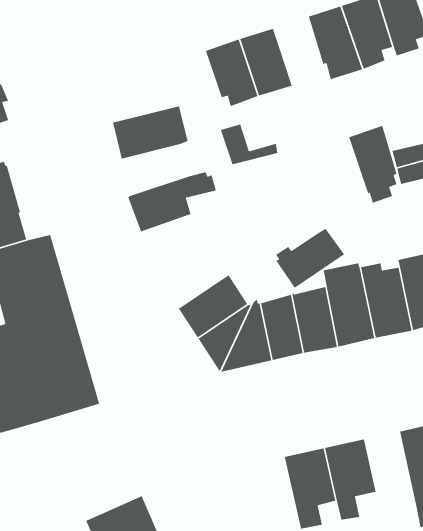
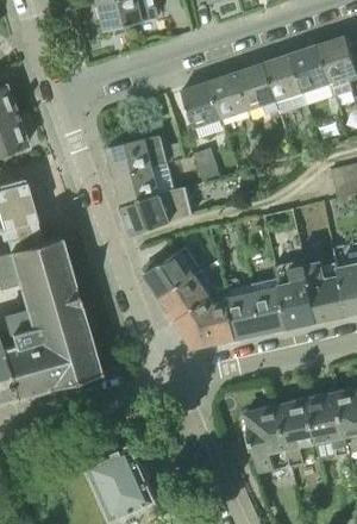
building: [348,125,398,204] -> [237,63,276,126]
building: none -> [115,166,169,206]
building: [275,228,345,289] -> [145,248,201,297]
building: none -> [309,394,350,460]

